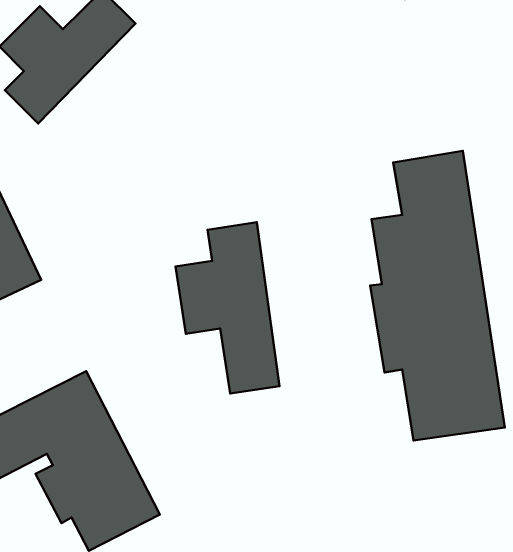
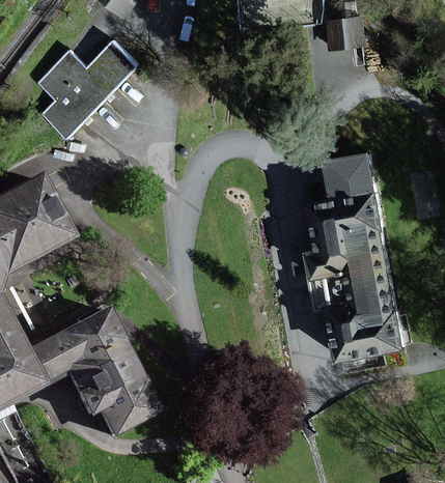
building: [175,222,280,394] -> none

